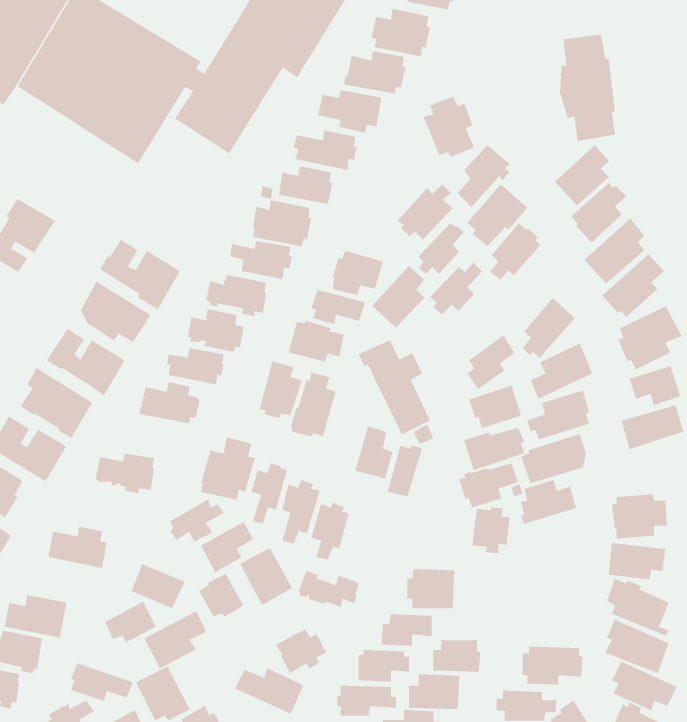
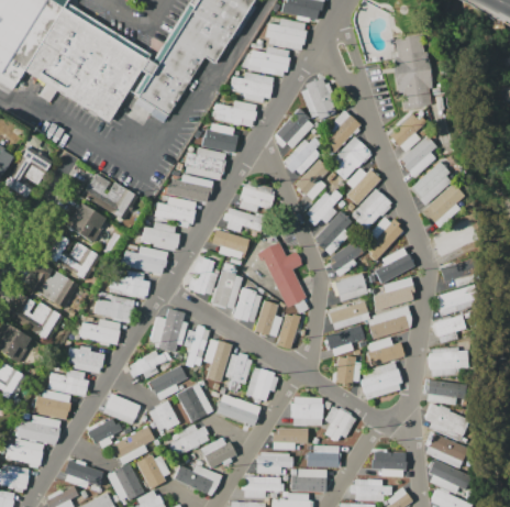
building: none -> [276,109,314,148]
building: none -> [352,188,393,229]
building: [372,265,425,329] -> [314,211,351,254]
building: none -> [234,287,262,322]
building: none -> [93,295,135,322]
building: none -> [433,315,466,343]
building: none -> [67,345,104,373]
building: none -> [361,361,402,399]
building: none -> [246,367,279,401]
building: none -> [35,394,79,417]
building: none -> [324,406,356,441]
building: none -> [168,423,209,456]
building: none -> [136,454,170,488]

